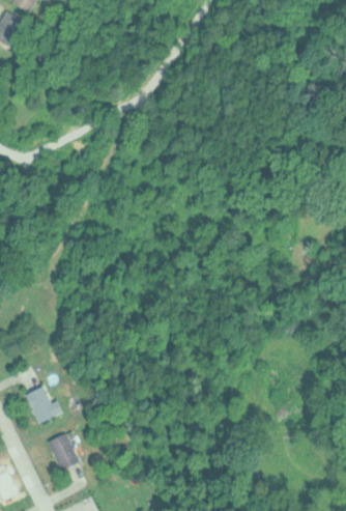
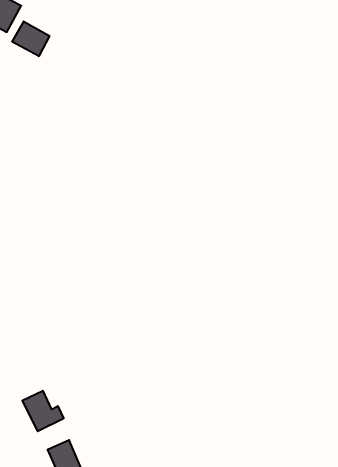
building: none -> [12,21,49,56]

